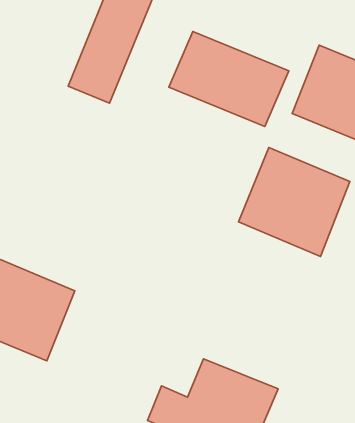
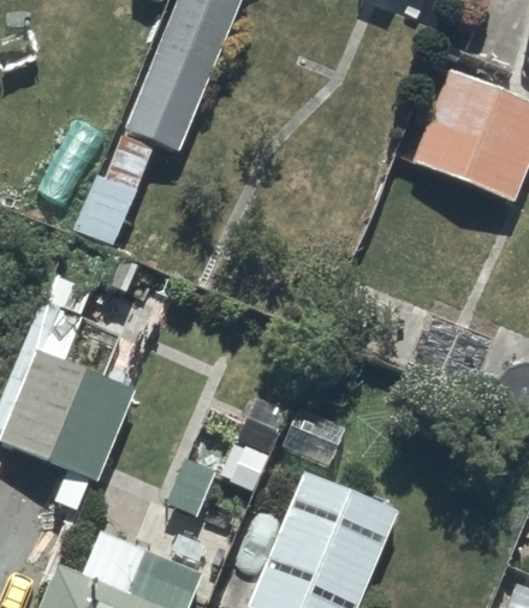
building: [169,31,289,127] -> none
building: [239,148,350,256] -> none

